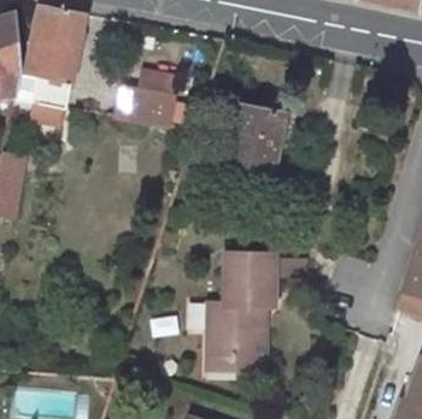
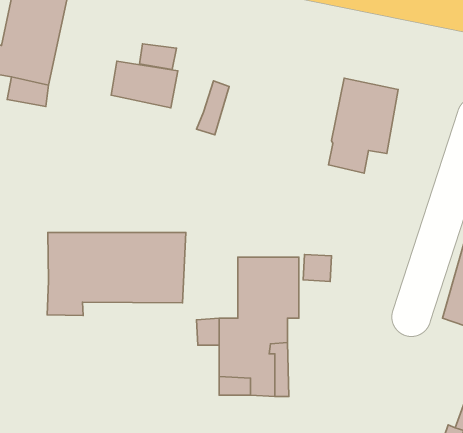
building: [225,104,285,184] -> [329,78,398,173]
building: none -> [47,232,186,316]

